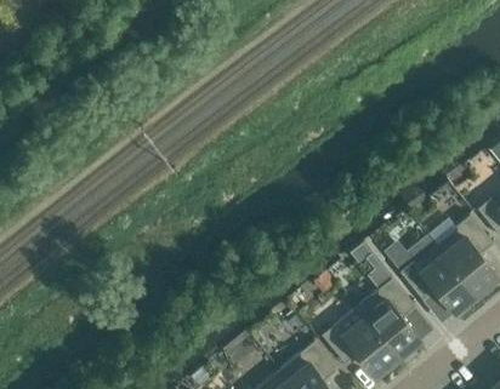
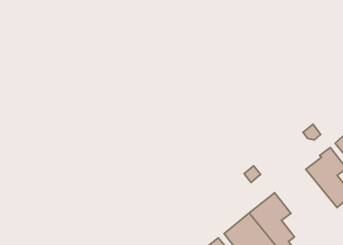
building: [399,245,479,313] -> none

